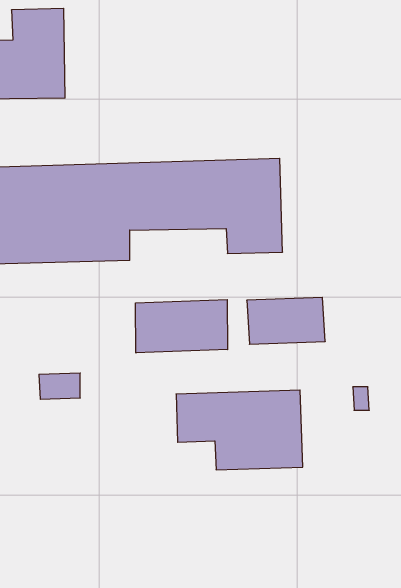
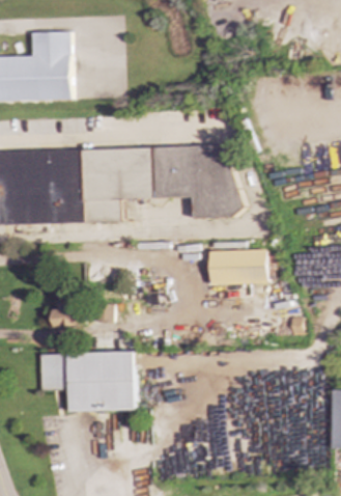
building: [136,300,228,353] -> none
building: [176,390,303,470] -> [39,351,135,411]

